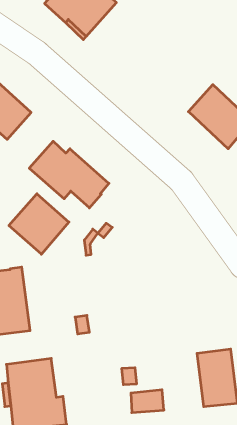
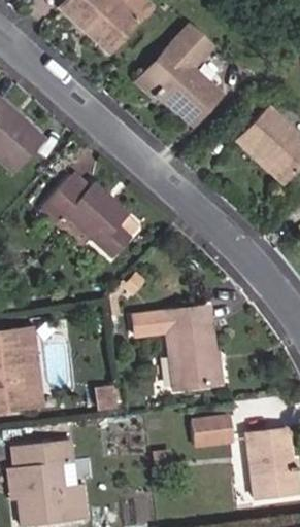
building: none -> [140,26,220,125]
building: [9,194,69,254] -> none
building: none -> [134,307,220,389]
building: [131,390,164,413] -> [197,416,237,444]

